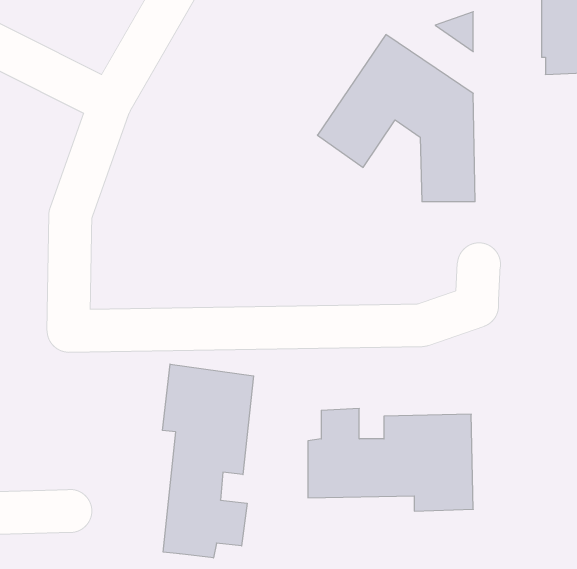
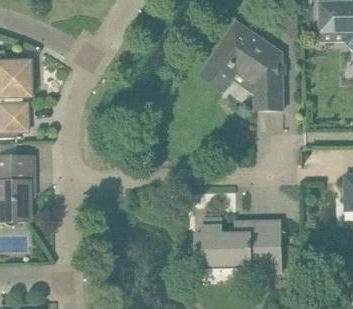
building: [162,364,254,558] -> none

